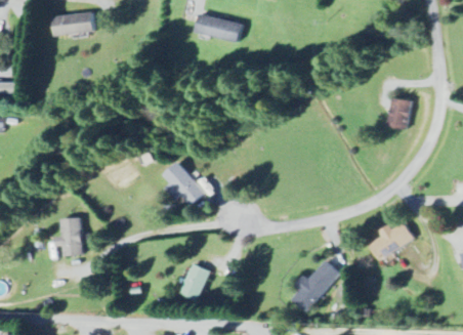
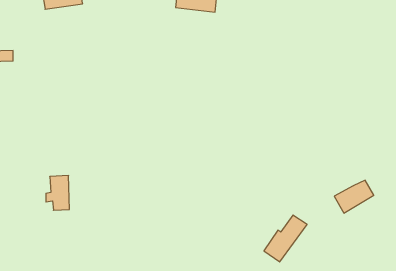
building: [386,96,410,129] -> none
building: [164,162,207,205] -> none
building: [178,262,209,300] -> none

